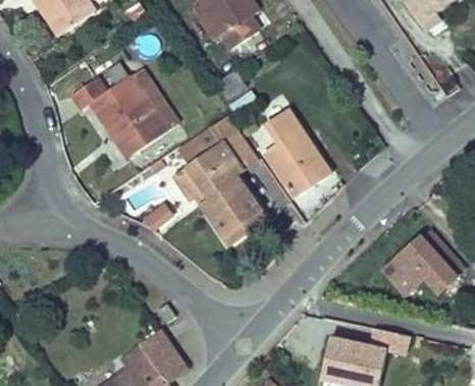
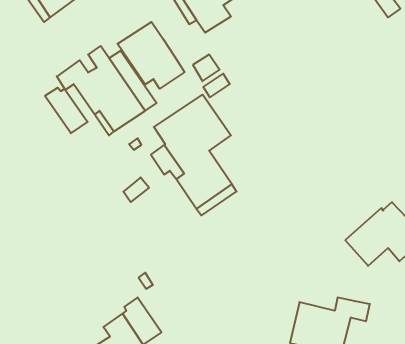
building: none -> [117,22,184,89]
building: none -> [45,88,88,133]
building: [265,111,331,198] -> none

